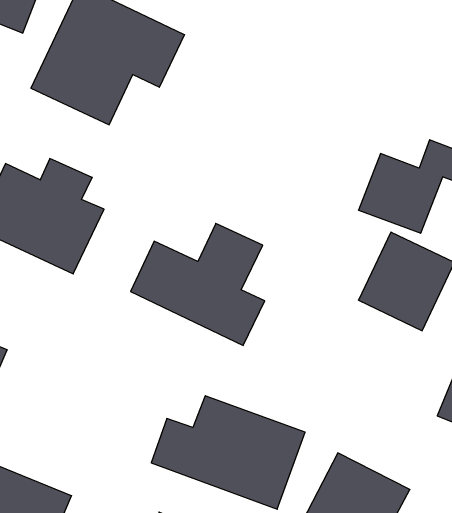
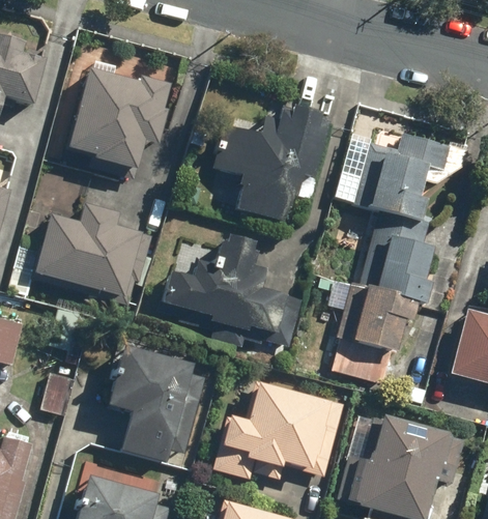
building: none -> [212,109,322,226]
building: none -> [335,286,414,385]
building: none -> [104,347,208,469]

